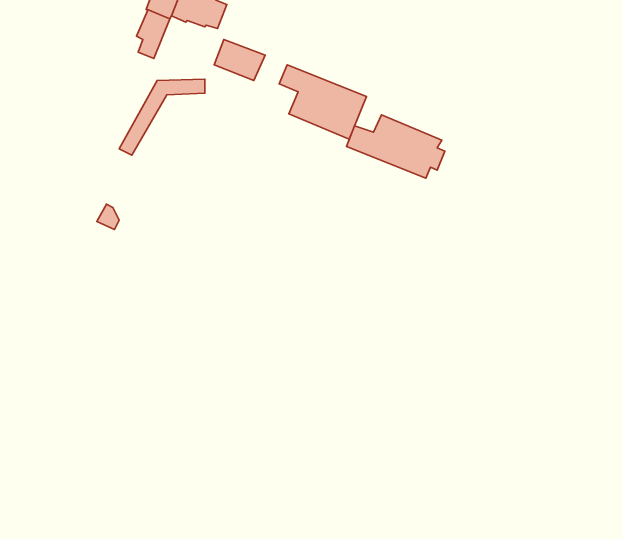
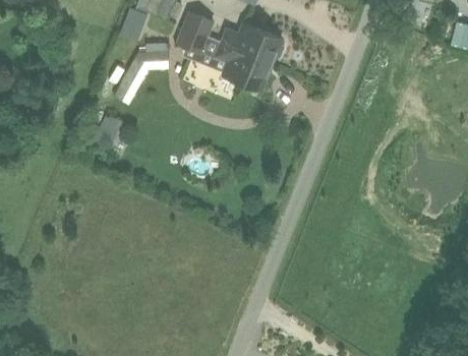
building: none -> [180,10,214,38]
building: [347,115,445,178] -> [221,23,284,64]

